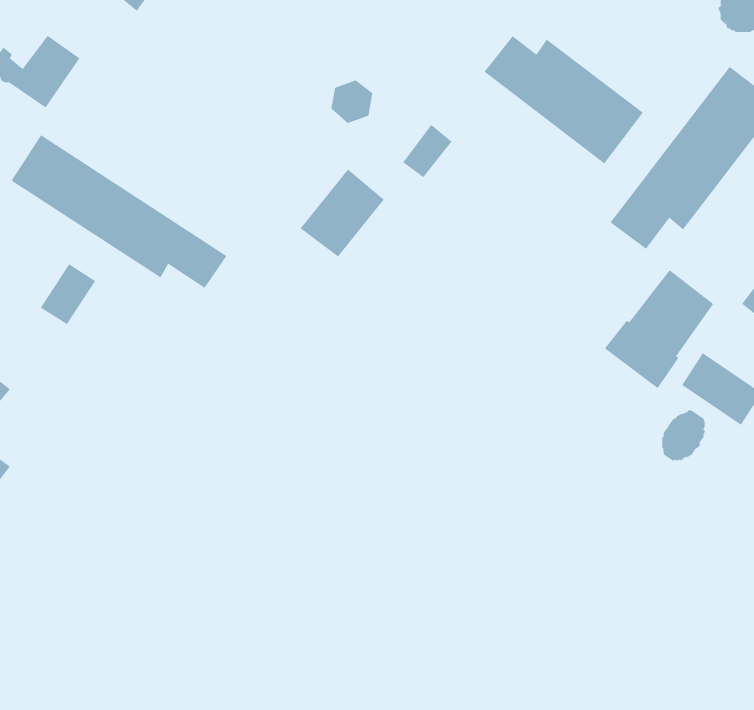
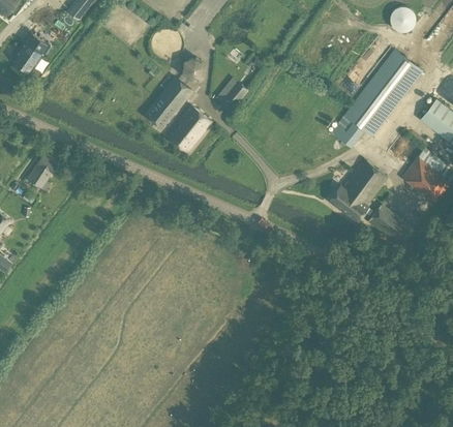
building: [483,35,644,164] -> none
building: none -> [144,77,191,128]
building: [10,134,228,289] -> none
building: [661,410,706,462] -> none

